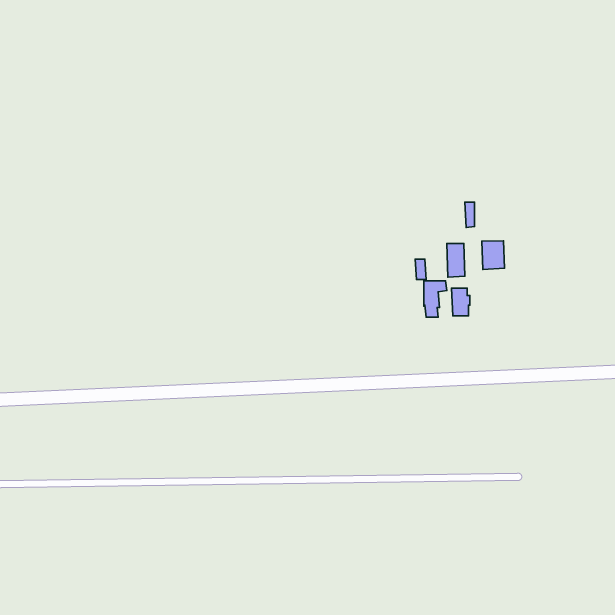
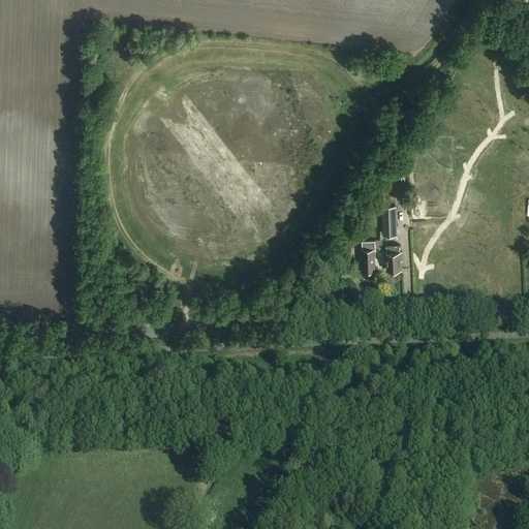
building: [482,241,505,269] -> none

